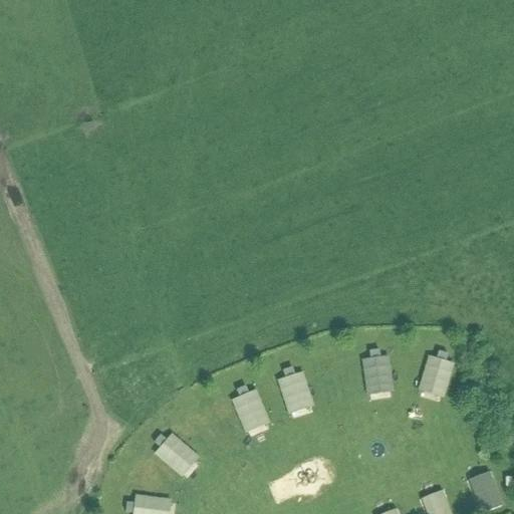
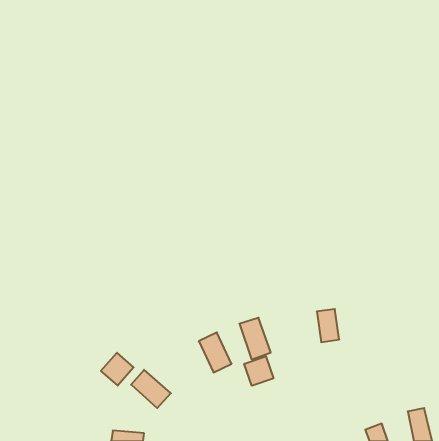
building: [421,354,454,397] -> none
building: none -> [101,353,134,386]
building: none -> [244,356,273,386]

